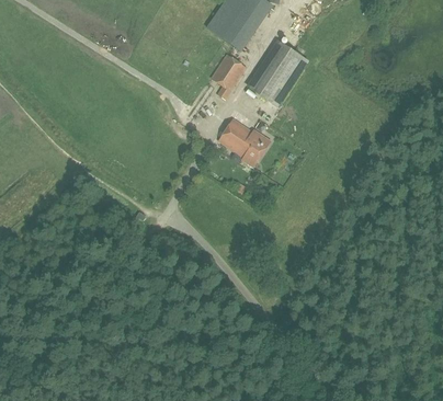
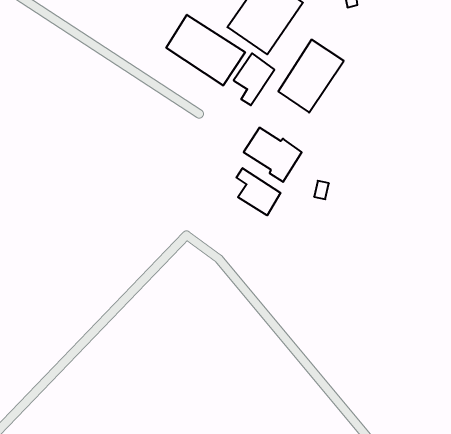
building: none -> [166,15,245,86]
building: none -> [236,168,280,215]

